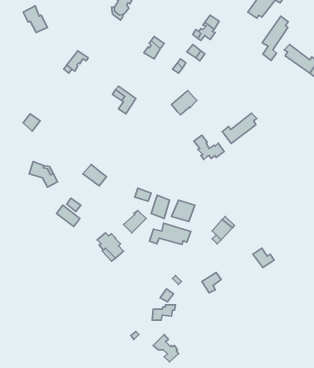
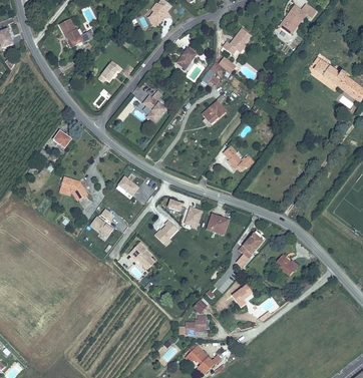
building: [262,16,288,60] -> none
building: [222,113,257,143] -> none
building: [149,223,191,245] -> none

